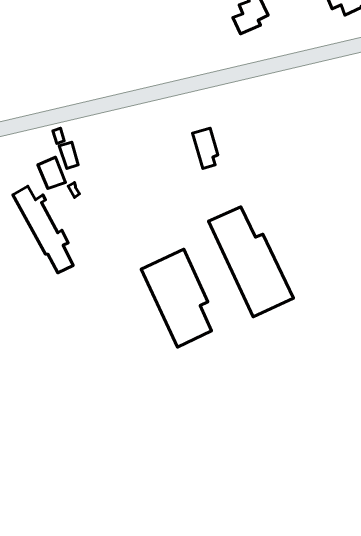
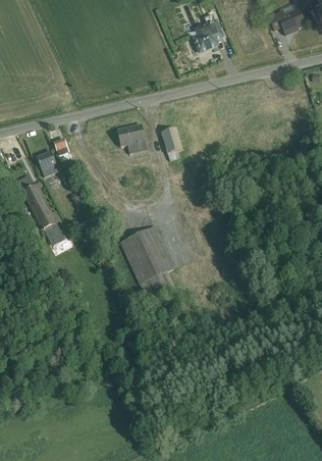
building: none -> [116,125,147,154]
building: [208,207,293,317] -> none

